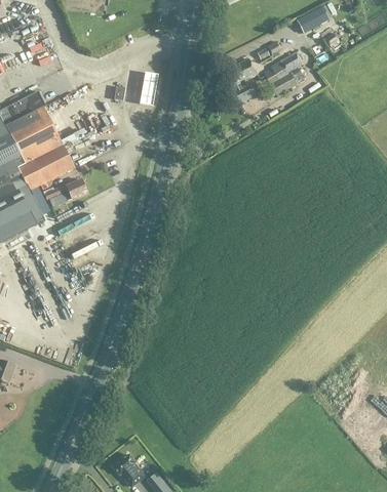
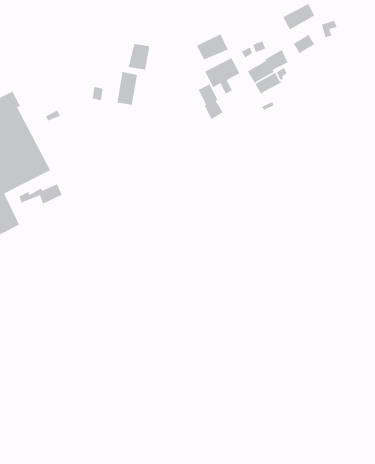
building: none -> [196,33,229,60]
building: none -> [128,43,150,71]
building: none -> [197,83,224,120]

